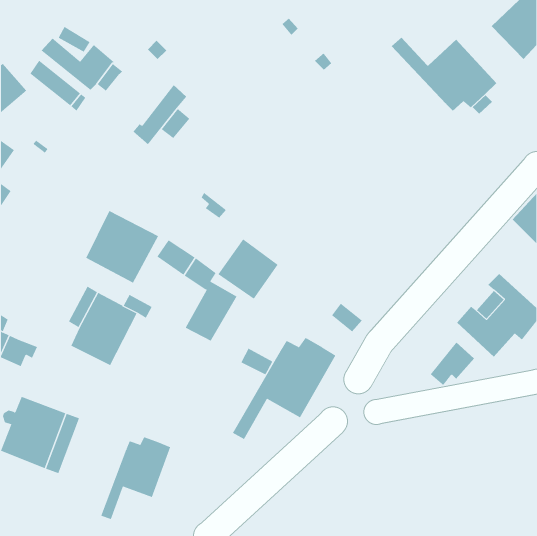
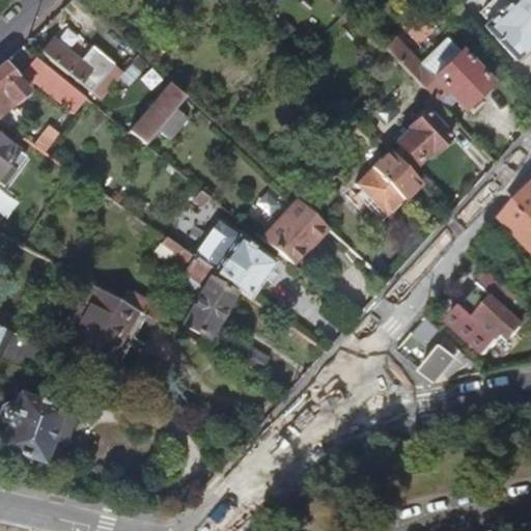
building: none -> [398,103,458,163]
building: none -> [357,149,422,215]
building: none -> [260,197,329,262]
building: [85,210,159,283] -> none
building: none -> [193,220,240,271]
building: [232,337,336,440] -> none
building: [101,436,171,520] -> none

